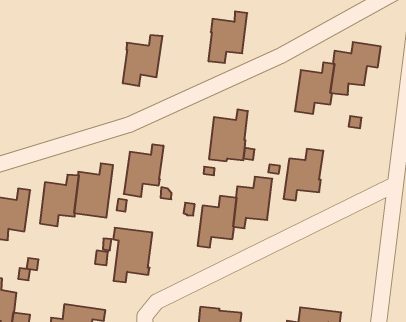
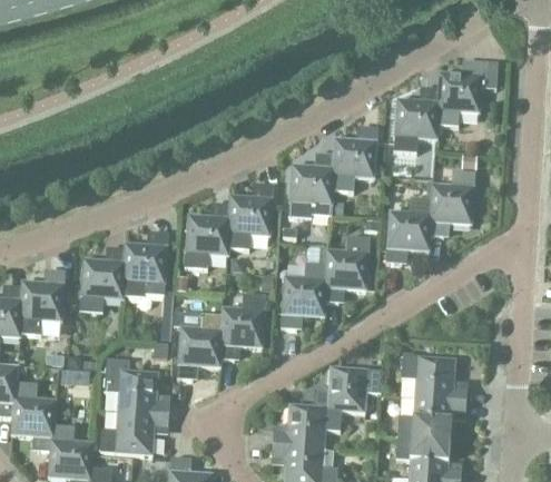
building: [208,11,247,63] -> [332,126,377,191]
building: [123,35,163,86] -> [227,184,274,248]
building: none -> [429,170,475,236]
building: none -> [219,293,266,360]
building: none -> [104,358,169,415]
building: none -> [401,355,466,401]
building: none -> [313,366,382,412]

